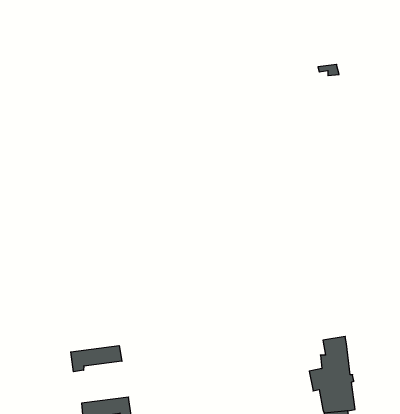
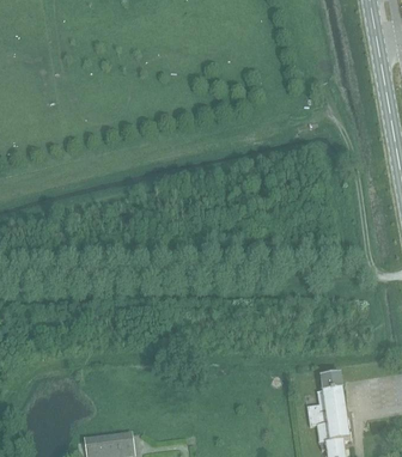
building: [71,346,122,372] -> none

